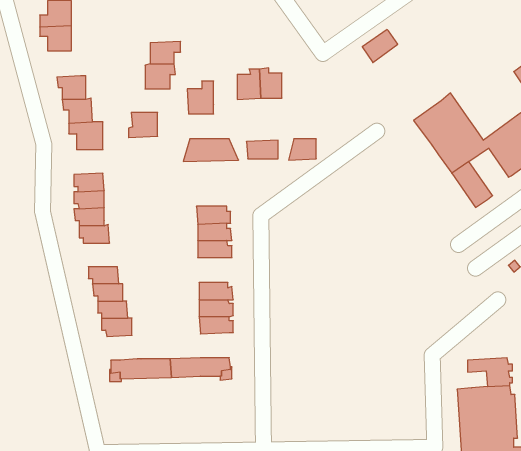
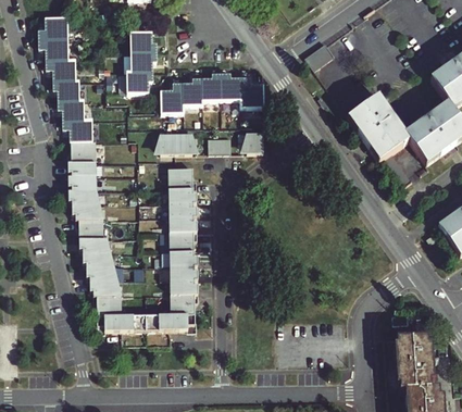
building: none -> [130,32,155,53]
building: none -> [46,60,73,82]
building: none -> [239,78,263,107]
building: none -> [183,79,202,104]
building: [129,112,158,138] -> [67,141,91,162]
building: none -> [168,167,197,188]
building: none -> [75,219,100,238]
building: none -> [170,230,198,251]
building: none -> [172,292,199,313]
building: none -> [95,295,120,315]

